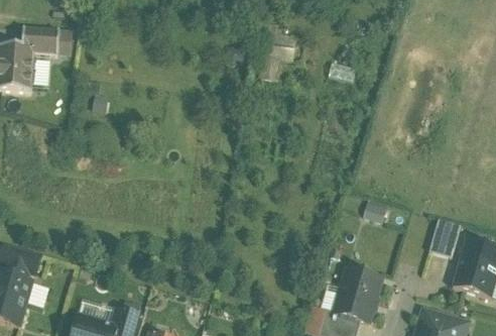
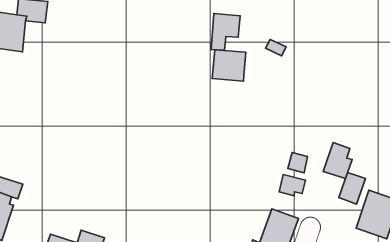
building: none -> [212,50,246,81]
building: none -> [323,143,352,179]
building: none -> [279,174,306,196]

